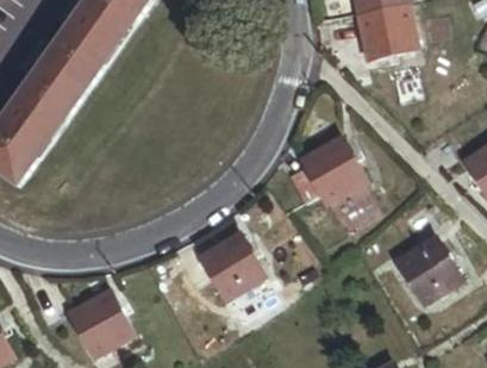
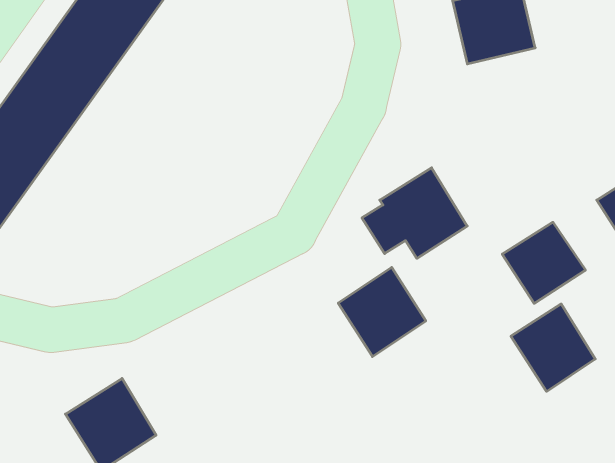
building: none -> [502,222,585,303]
building: [201,232,266,298] -> [338,267,426,357]

